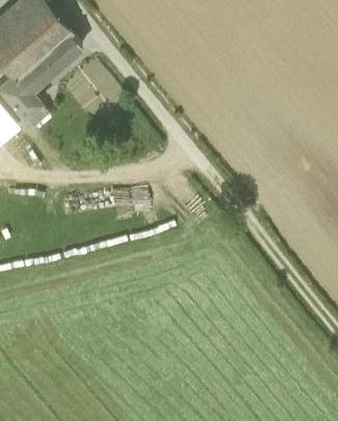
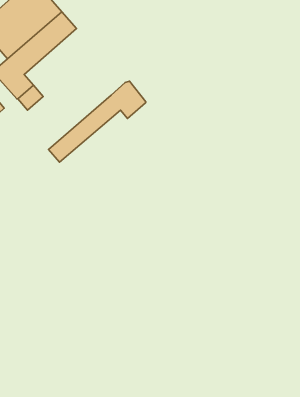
building: none -> [49,81,146,162]

